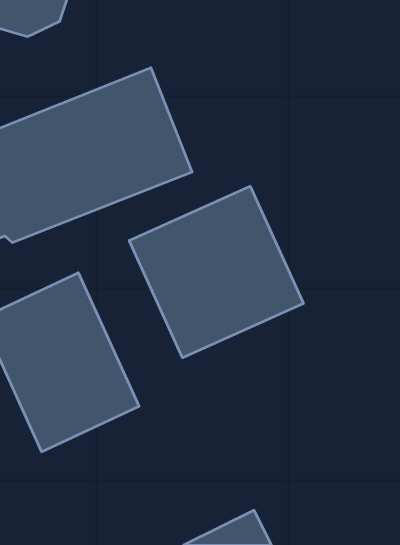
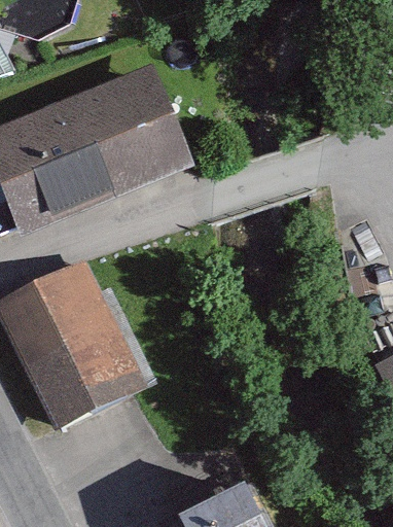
building: [129,186,303,358] -> none

